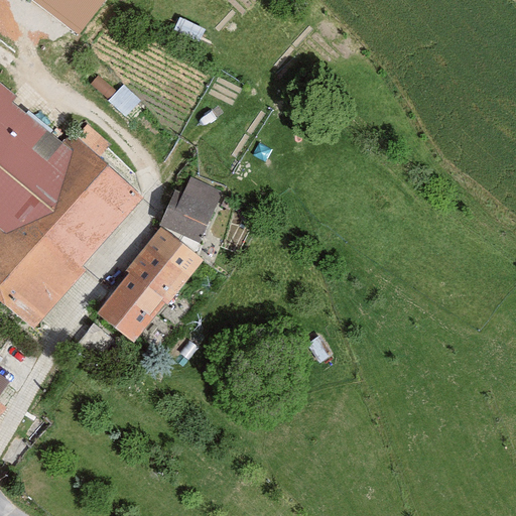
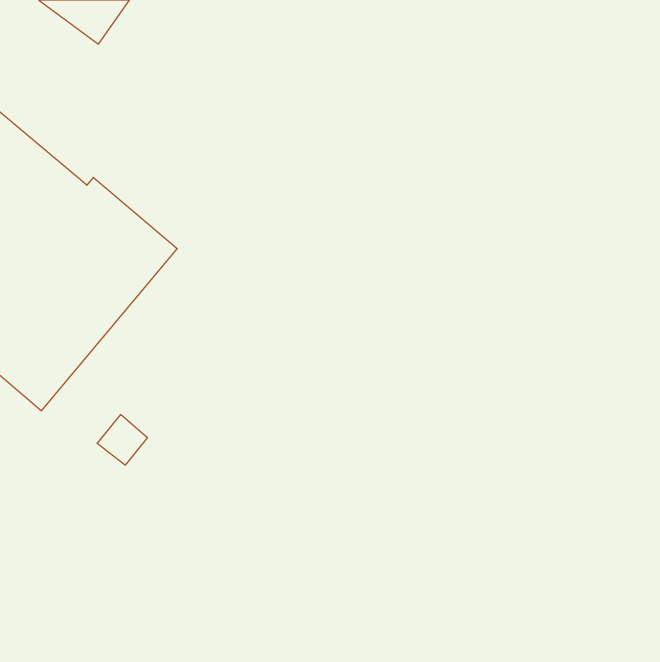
building: [162,178,221,236] -> none
building: [100,228,204,342] -> none

